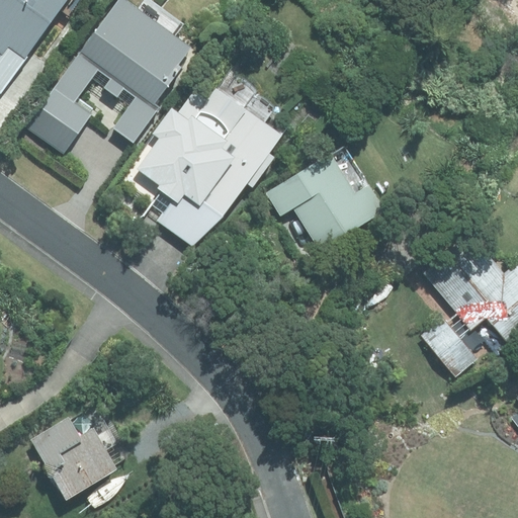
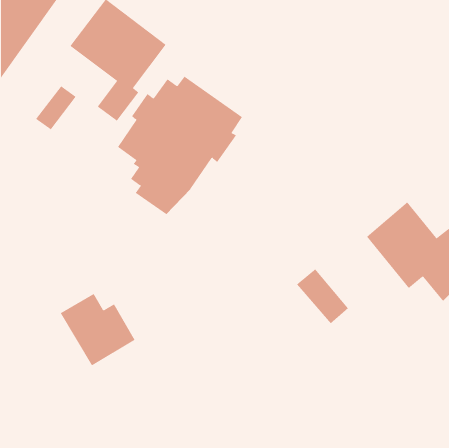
building: [267,145,383,250] -> none
building: [419,317,480,380] -> [296,269,349,324]
building: [27,417,114,501] -> [60,293,136,366]

